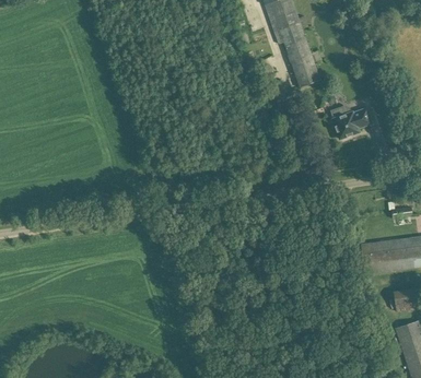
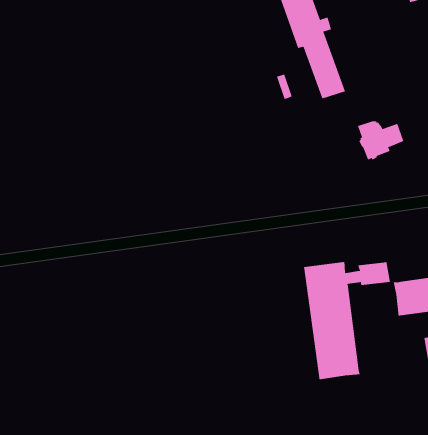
building: none -> [303,261,391,380]

